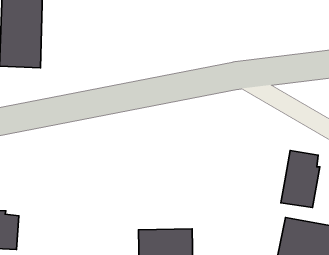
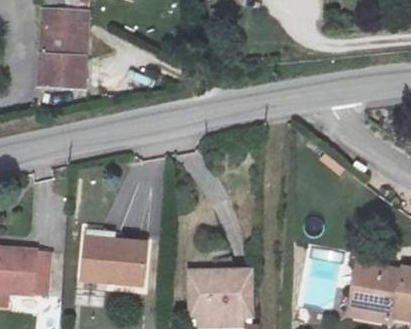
building: [281,151,320,207] -> none
building: none -> [82,236,149,287]

